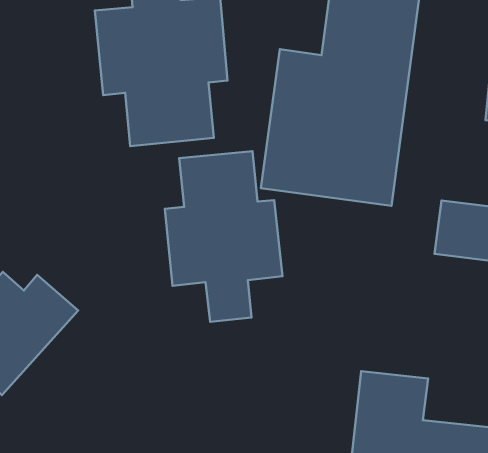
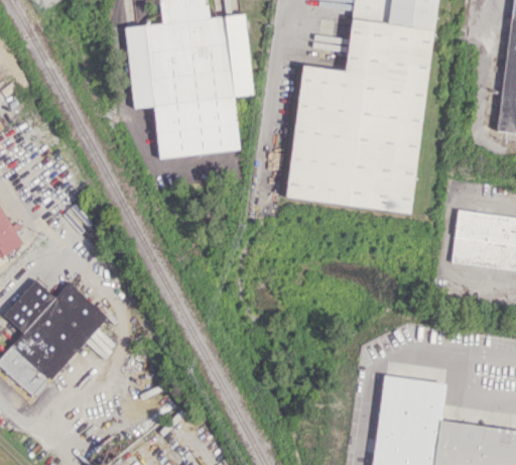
building: [165,151,282,322] -> none

